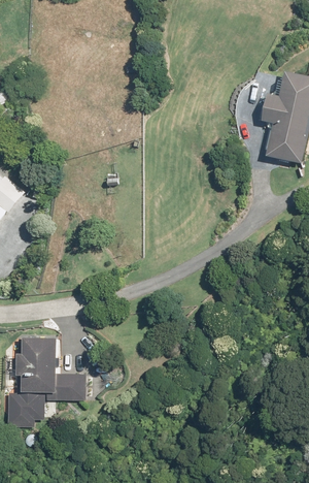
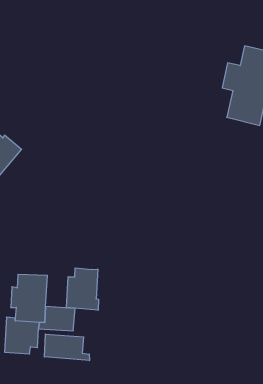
building: none -> [67,268,98,310]
building: none -> [44,334,89,361]

